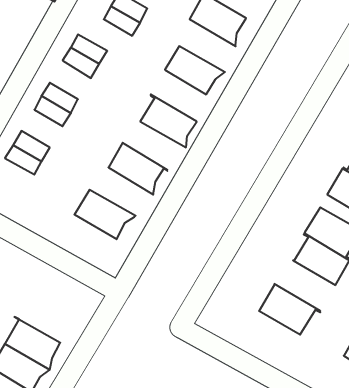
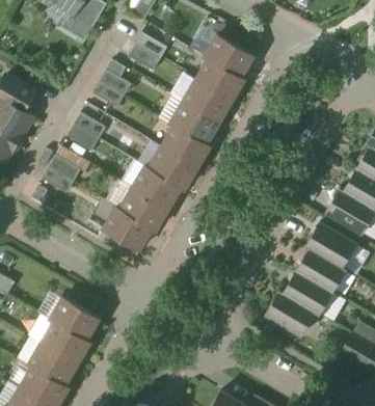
building: none -> [194,56,244,103]
building: none -> [169,101,218,146]
building: none -> [144,146,200,189]
building: none -> [115,187,171,229]
building: none -> [278,269,332,314]
building: none -> [49,297,99,342]

